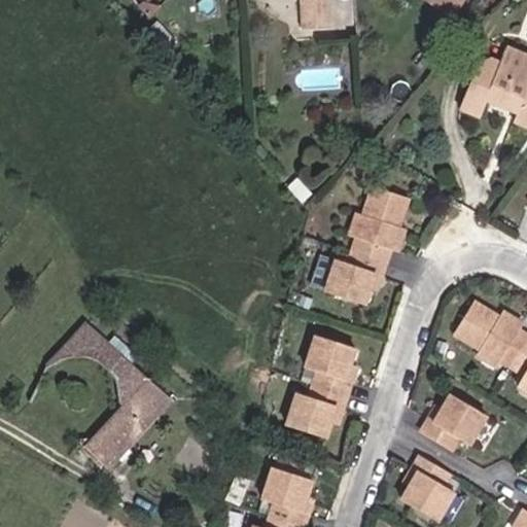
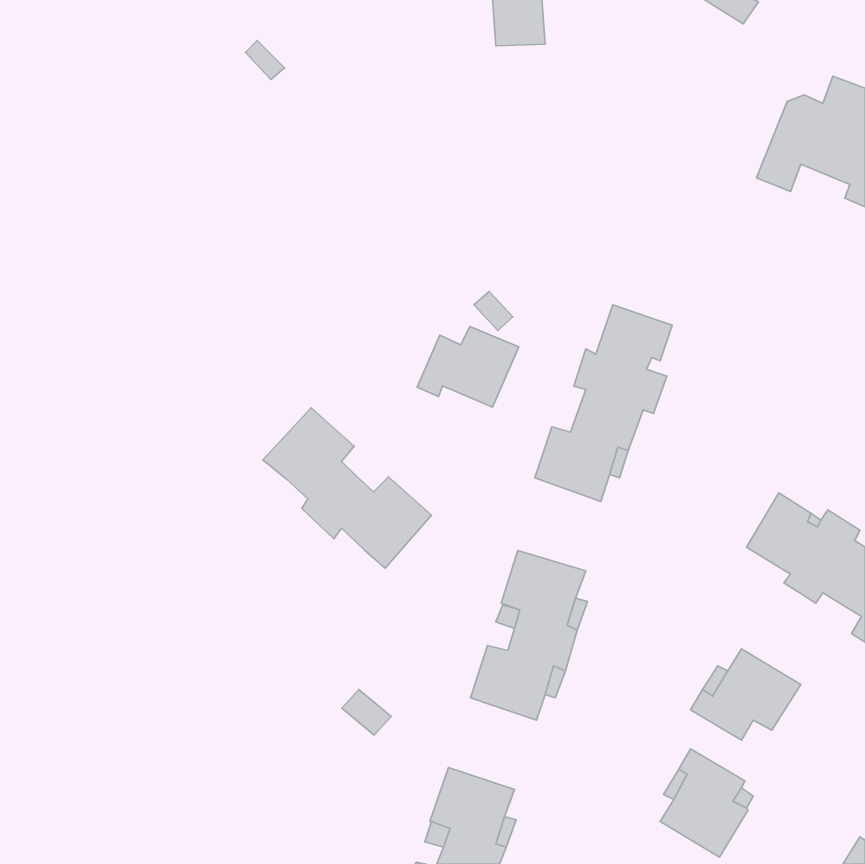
building: none -> [417,327,519,407]
building: none -> [263,408,431,568]
building: [47,323,171,467] -> none

